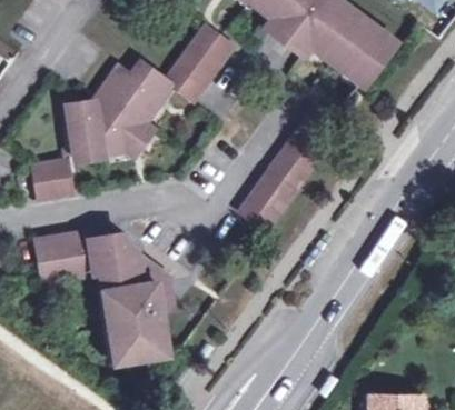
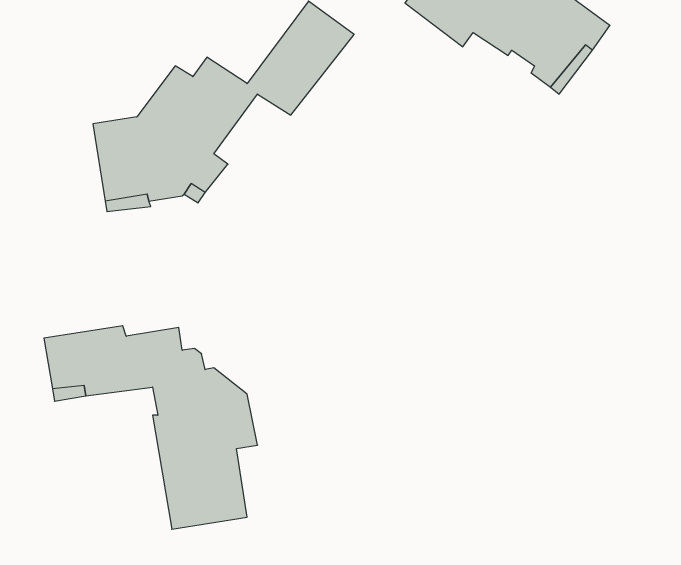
building: [239,111,337,229] -> none
building: [32,159,71,199] -> none

